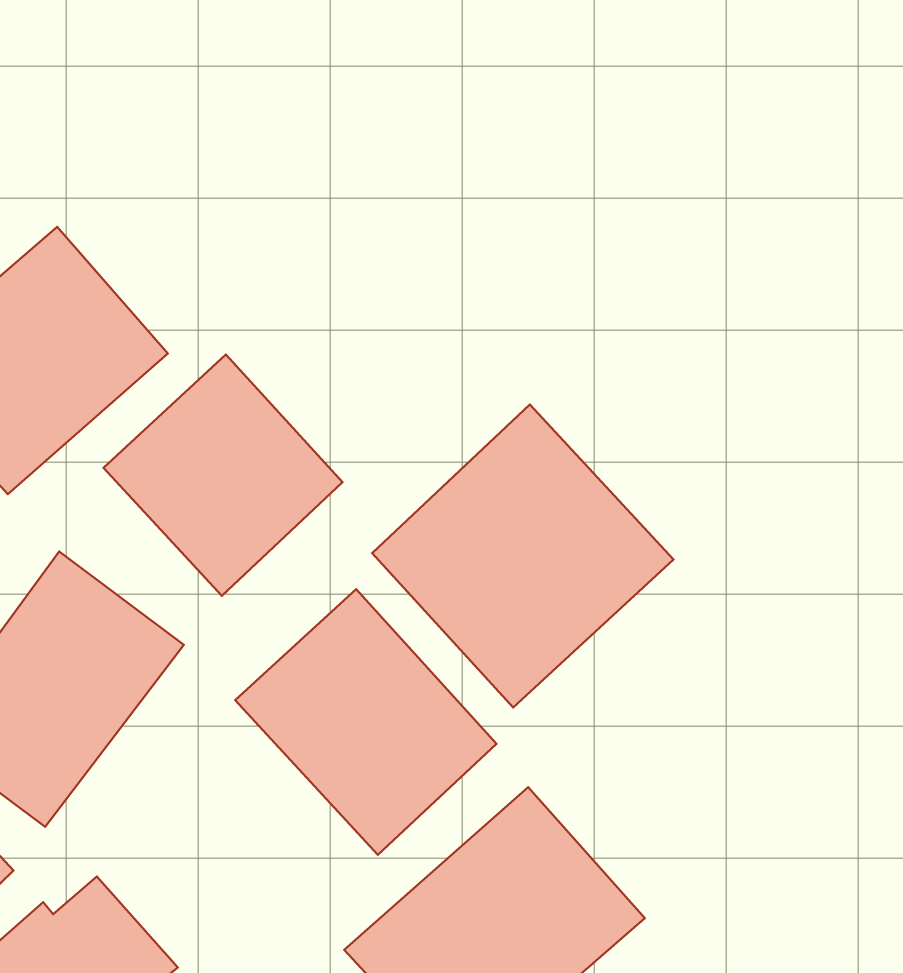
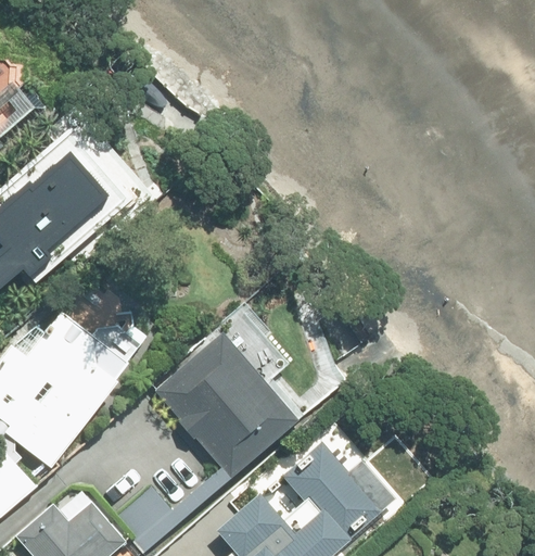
building: [103,355,343,596] -> none
building: [372,405,674,708] -> none

